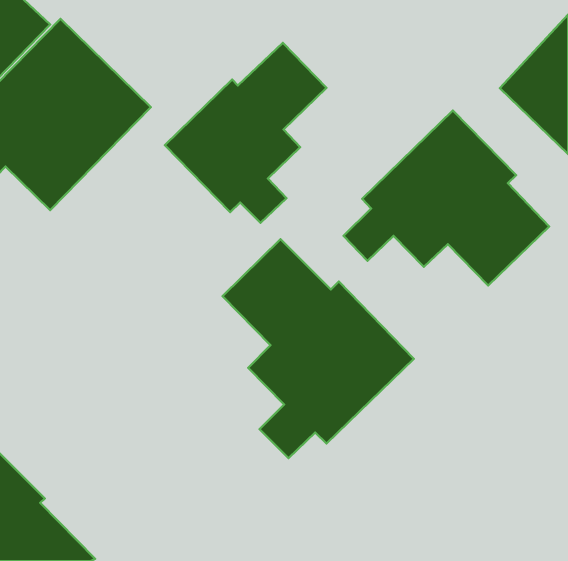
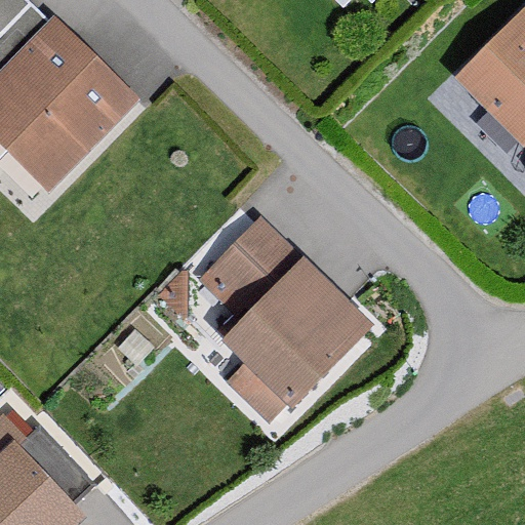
building: [165,43,326,223] -> none
building: [344,110,549,286] -> none

